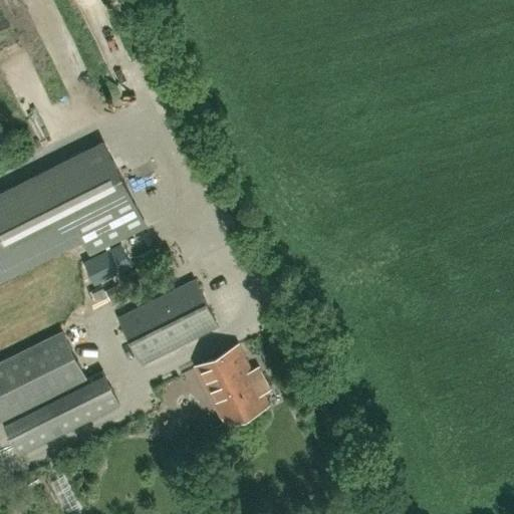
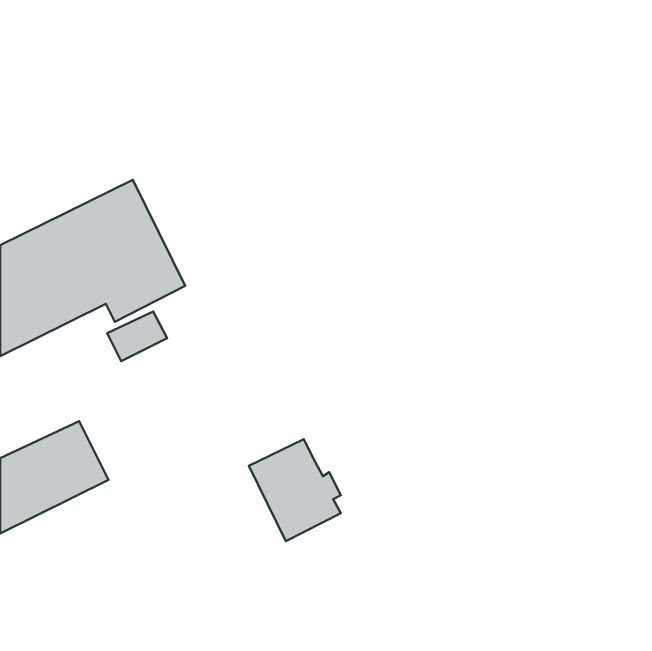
building: [118,281,217,365] -> none
building: [8,387,118,455] -> none

